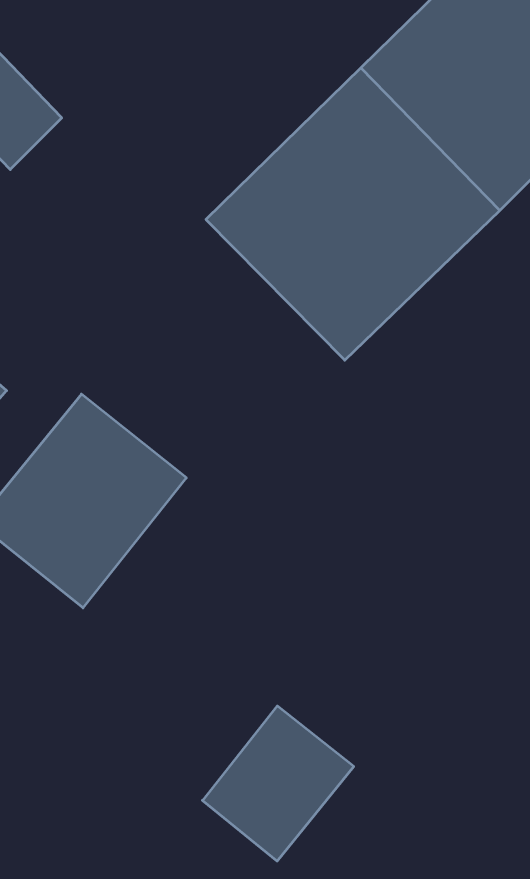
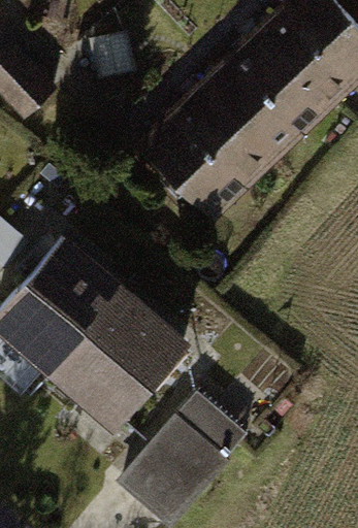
building: none -> [64,294,186,418]

